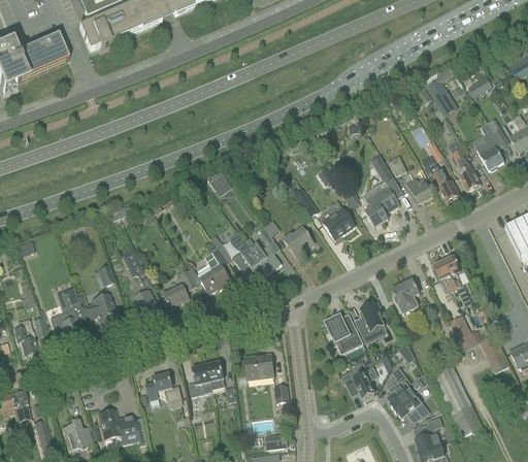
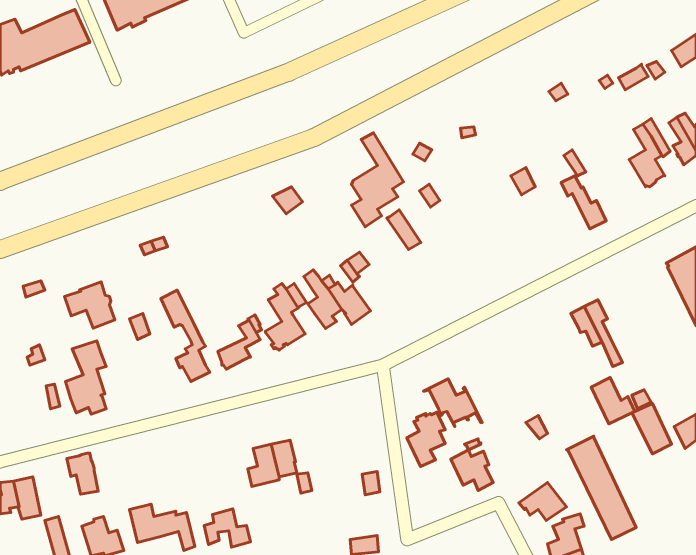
building: [425,77,457,116] -> none
building: [452,145,480,190] -> none
building: [364,156,403,227] -> [352,133,403,227]
building: [406,175,432,203] -> none
building: [321,206,355,238] -> none
building: [283,228,312,255] -> none
building: [391,278,419,314] -> none
building: [80,294,119,329] -> [64,282,115,328]
building: [355,301,384,342] -> [407,412,445,467]
building: [13,324,37,355] -> [67,453,98,494]
building: [244,354,273,377] -> none
building: [386,367,416,408] -> none
building: [146,372,182,401] -> [204,509,251,547]

